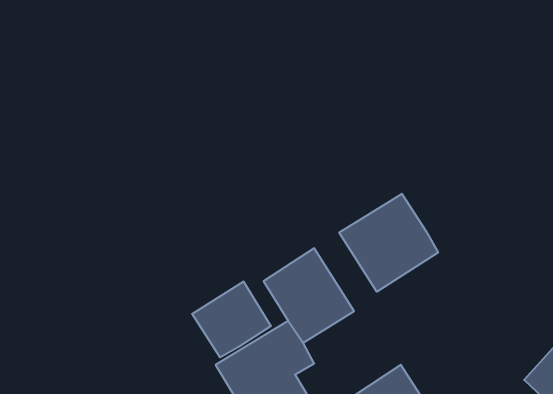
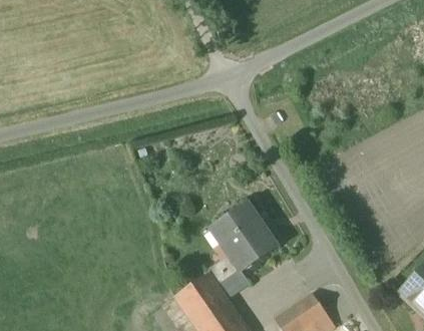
building: [339,194,438,292] -> none
building: [192,281,271,357] -> none

